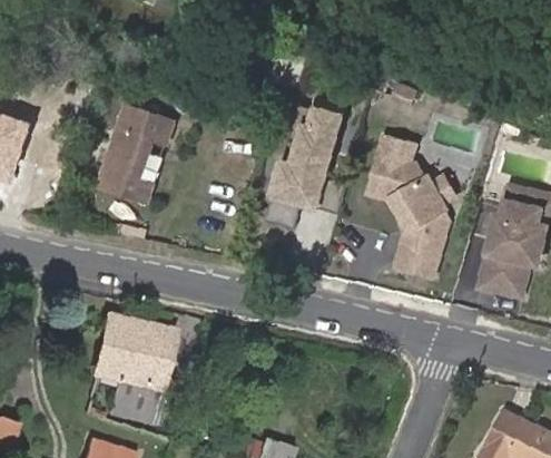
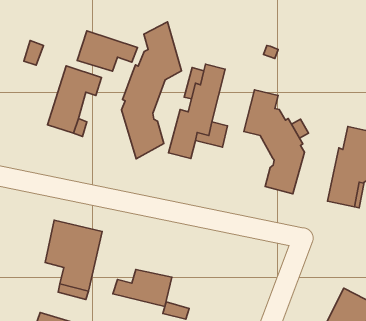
building: none -> [121,22,181,159]
building: none -> [77,31,138,71]
building: none -> [113,269,172,306]

